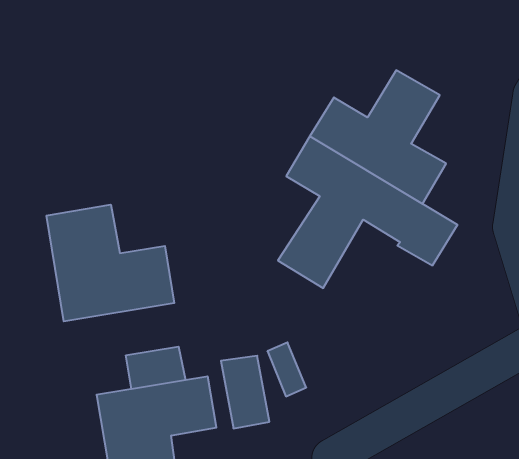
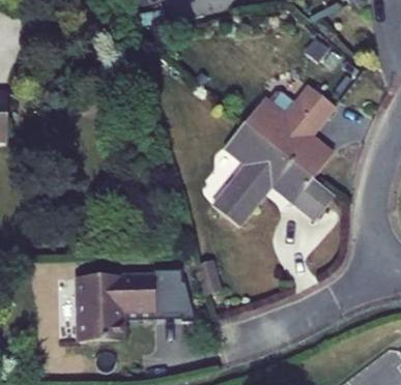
building: [47,205,174,321] -> none
building: [126,347,185,389] -> none

